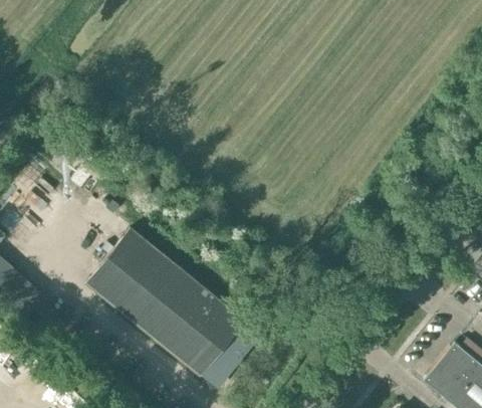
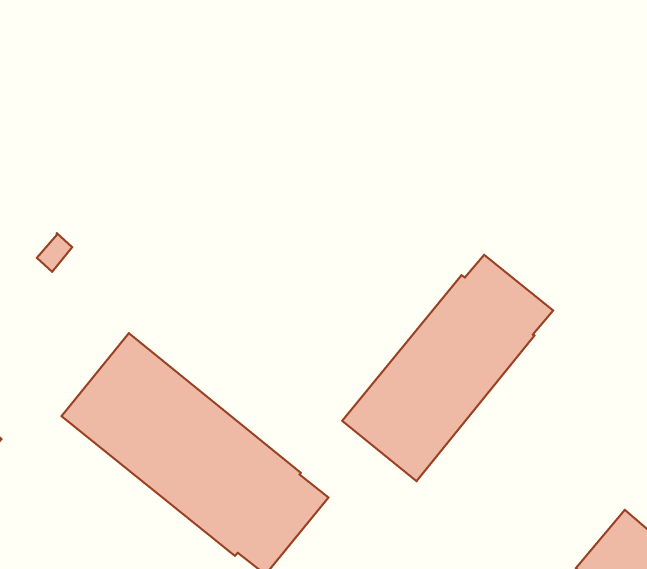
building: none -> [342,255,553,481]

